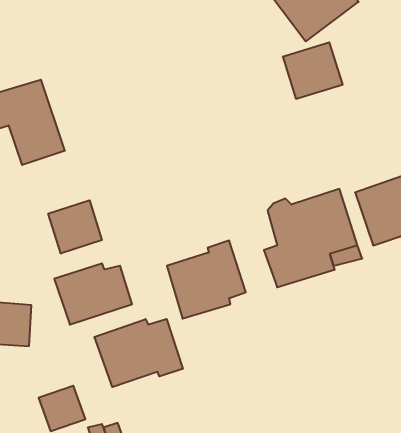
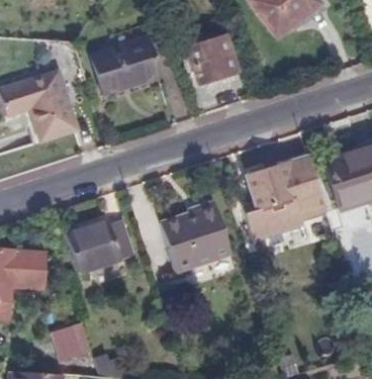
building: [283,42,343,99] -> [187,34,238,82]
building: none -> [92,38,160,94]
building: [48,200,102,254] -> none
building: [94,319,183,387] -> none

